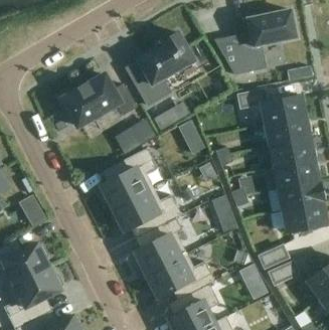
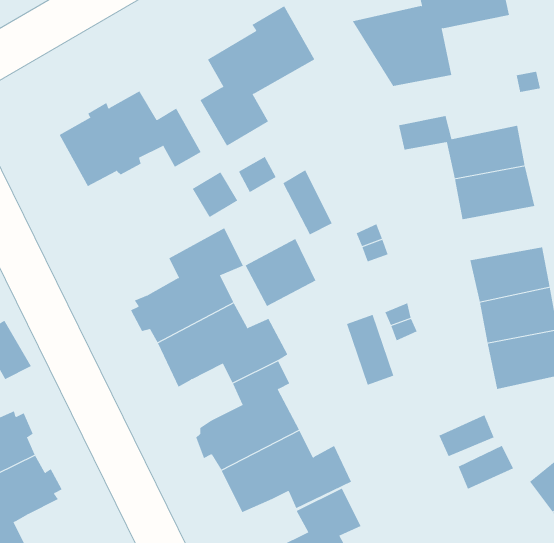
building: [271,137,313,165] -> none
building: none -> [245,238,316,307]
building: [237,261,268,298] -> none

